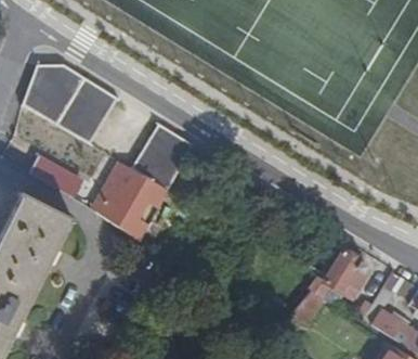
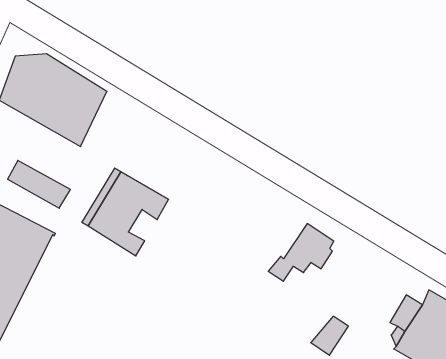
building: [133,123,193,191] -> none
building: [311,251,367,300] -> [268,224,334,281]

